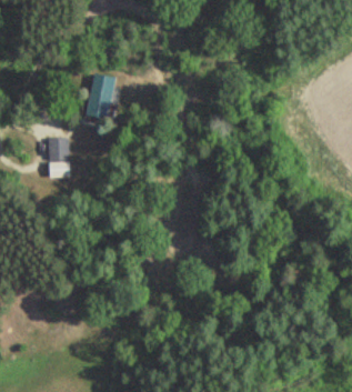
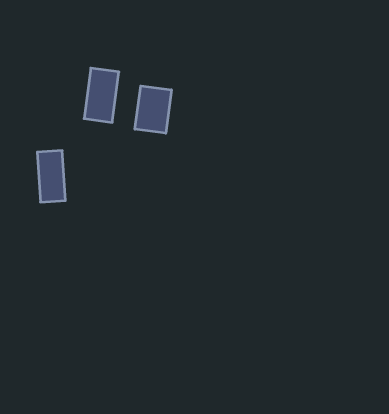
building: none -> [135,86,171,133]

